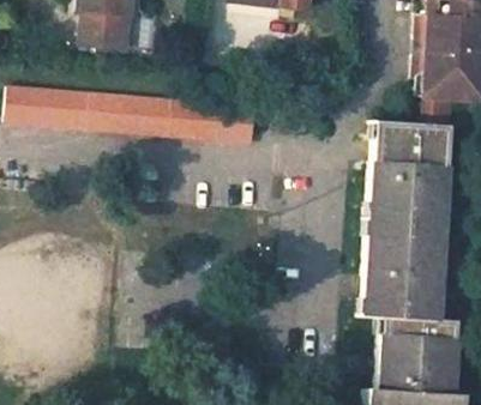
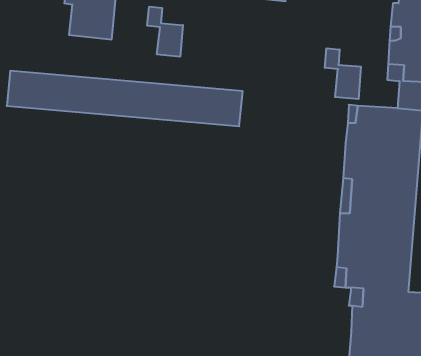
building: none -> [147,7,183,57]
building: none -> [325,48,361,99]

